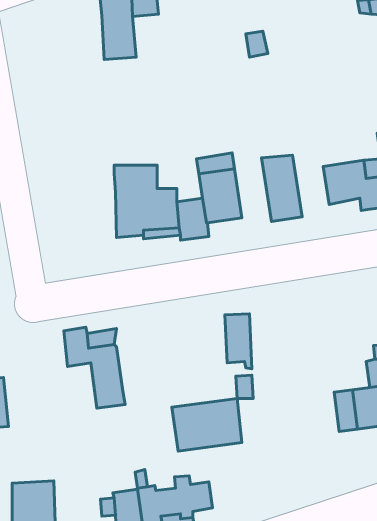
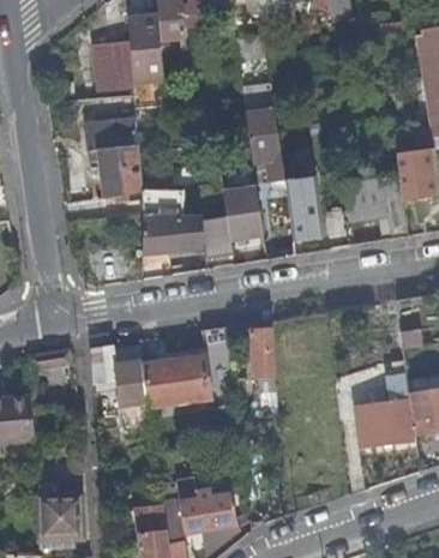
building: none -> [91,38,132,90]
building: none -> [242,80,284,180]
building: none -> [84,116,140,197]
building: [172,398,242,451] -> [143,354,211,406]

